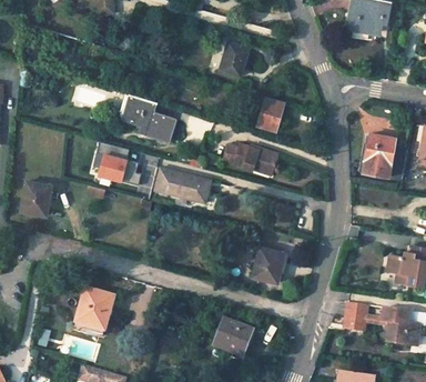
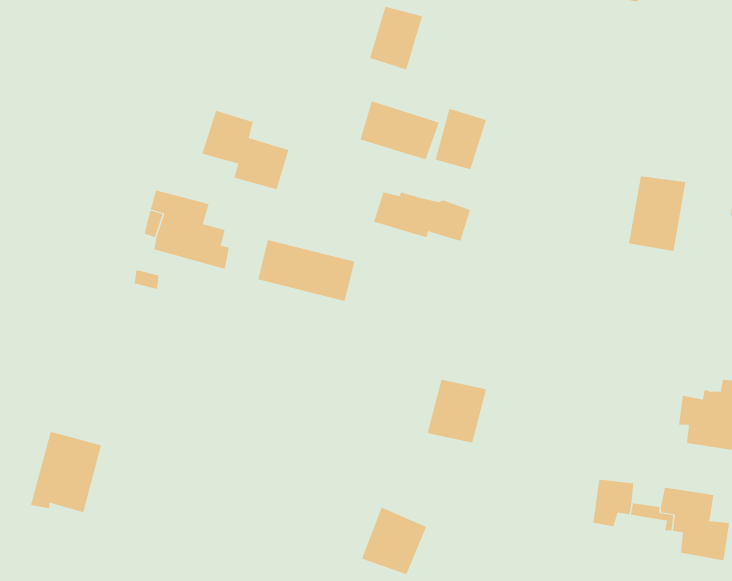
building: none -> [360,101,440,160]
building: [20,180,51,215] -> none
building: [73,289,113,334] -> [30,431,102,513]

